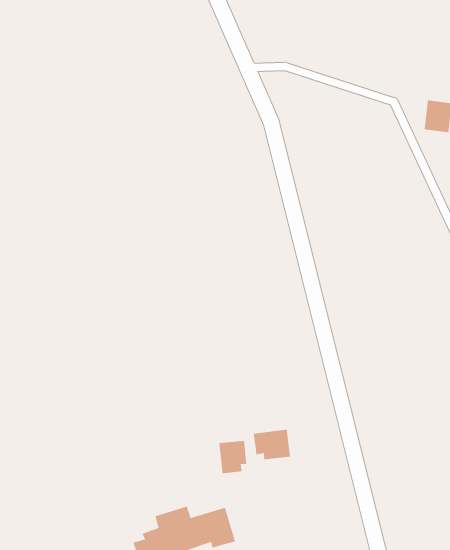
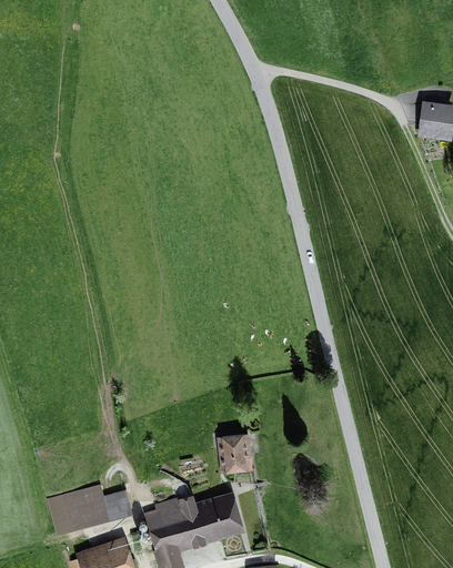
building: [253,429,290,460] -> none
building: none -> [48,489,125,530]

